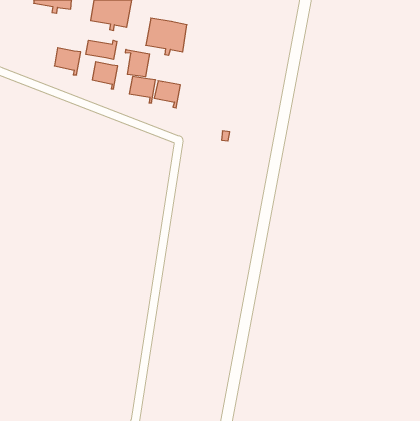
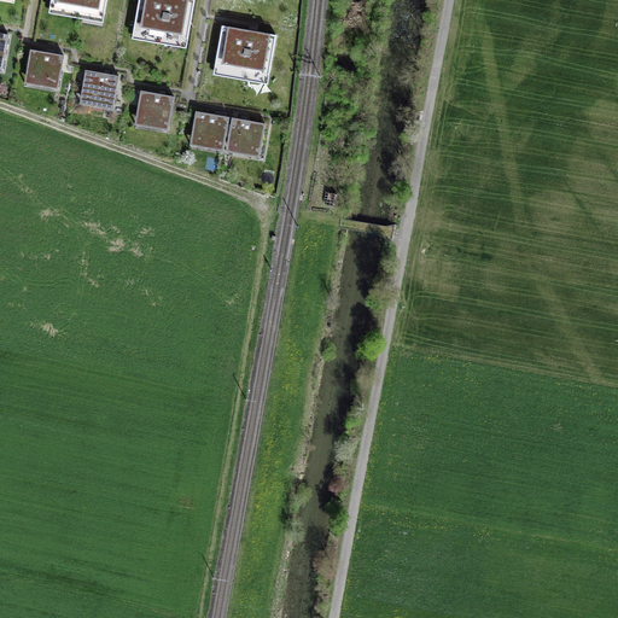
building: none -> [24,51,63,89]
building: [86,40,117,59] -> none
building: [126,49,150,77] -> none

